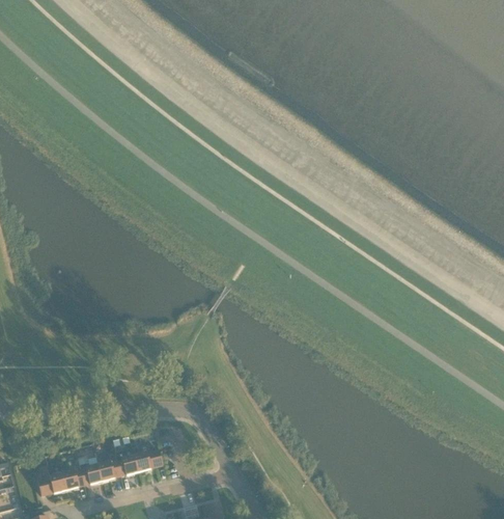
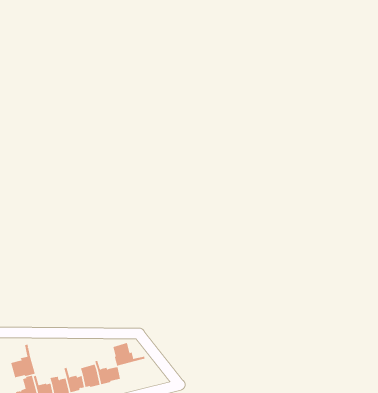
building: none -> [113,342,145,367]
building: none -> [11,344,35,378]

